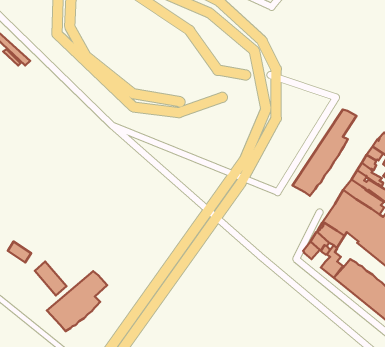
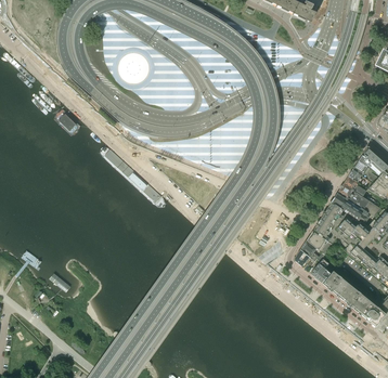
building: [292,110,356,196] -> none
building: [47,271,107,331] -> none

